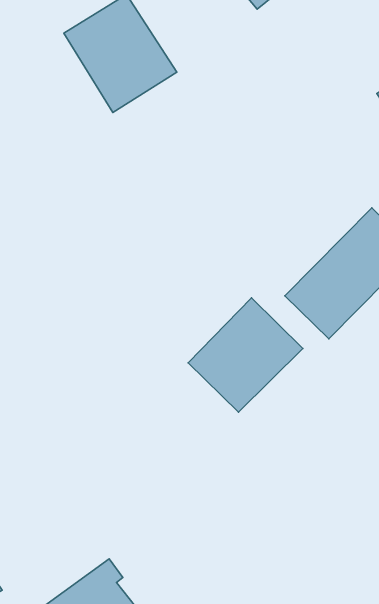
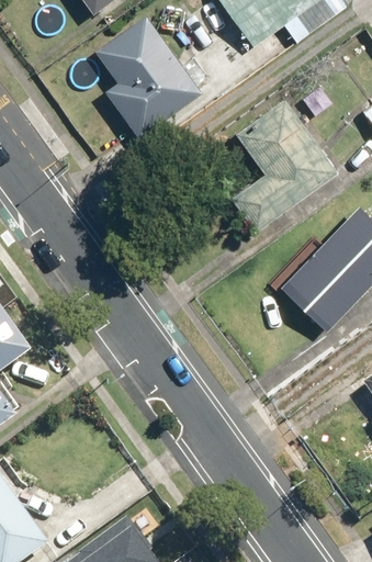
building: none -> [235,110,324,221]
building: [188,298,303,412] -> none

